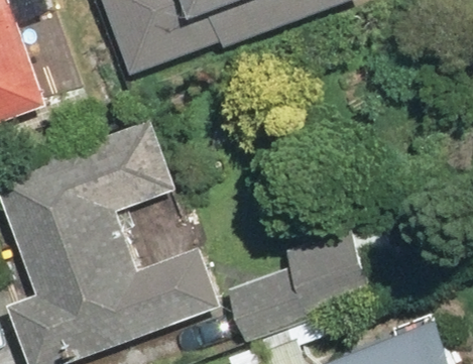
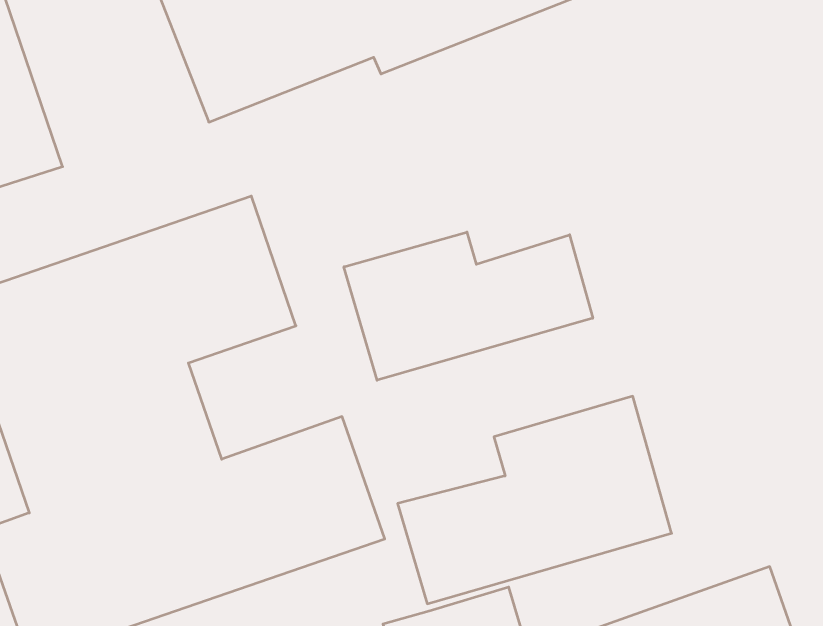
building: none -> [344,232,593,380]

